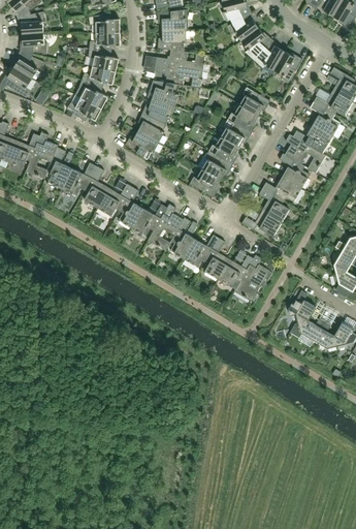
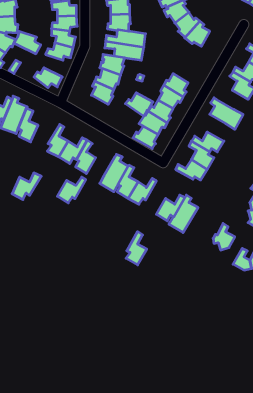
building: [273,52,301,83] -> none
building: [74,81,107,108] -> [14,31,41,54]
building: [238,87,269,116] -> none
building: [292,125,331,150] -> none
building: [124,131,158,160] -> [125,93,153,116]
building: [279,154,309,188] -> none
building: [62,163,98,196] -> [12,173,41,200]
building: [131,205,166,237] -> [57,177,86,203]
building: [203,238,229,279] -> [126,232,147,265]
building: [289,318,324,341] -> none

